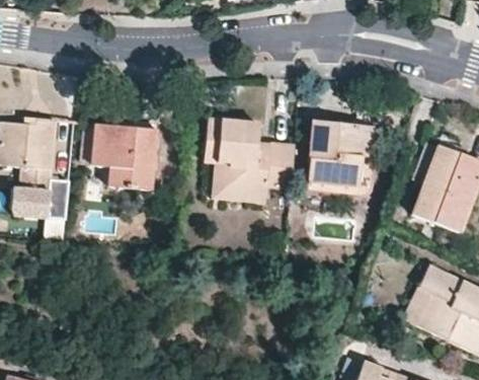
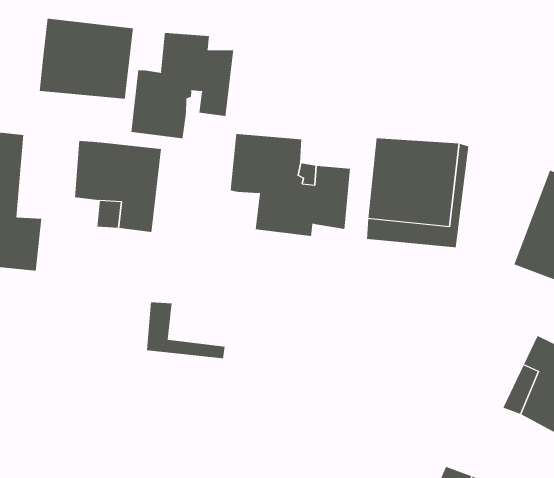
building: none -> [39,18,134,100]
building: none -> [131,32,234,139]
building: [208,162,265,204] -> [146,302,225,359]

